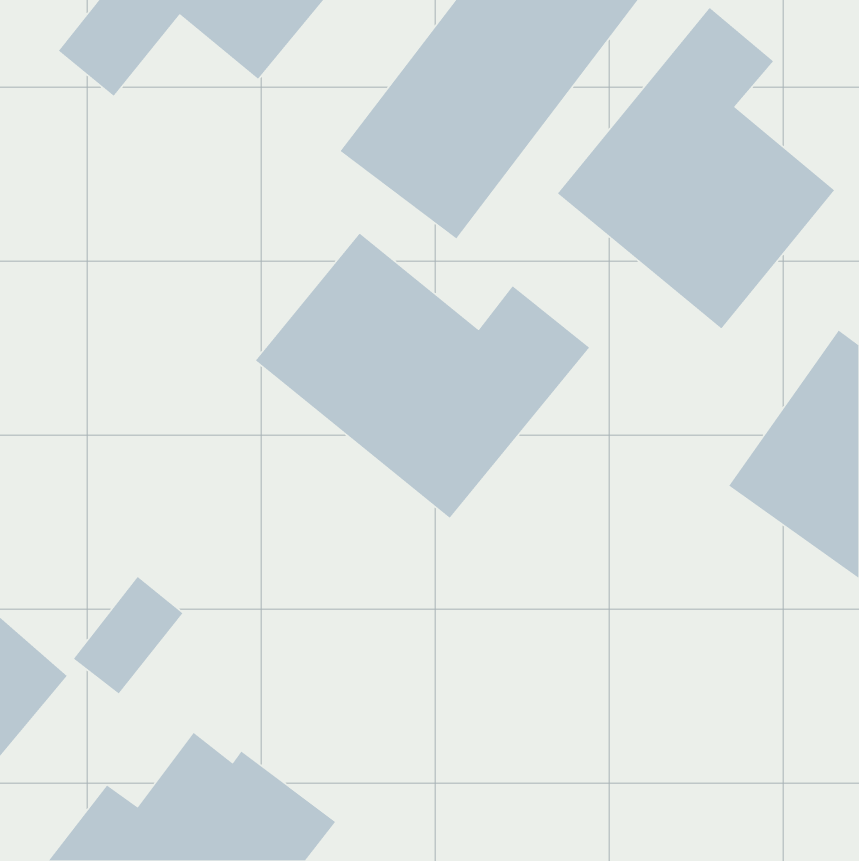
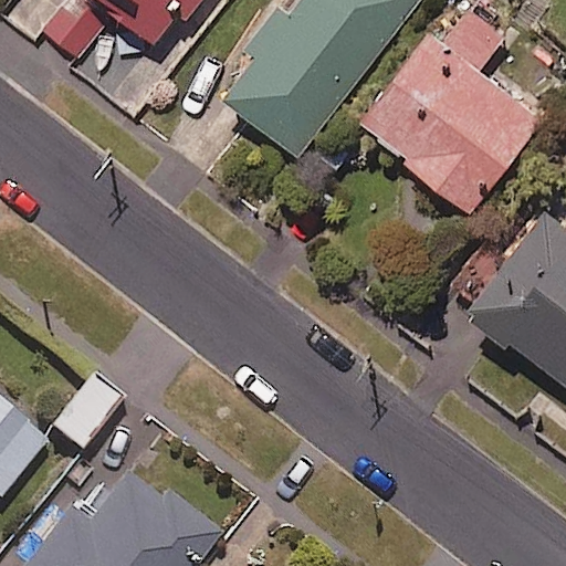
building: [255,233,590,519] -> none

